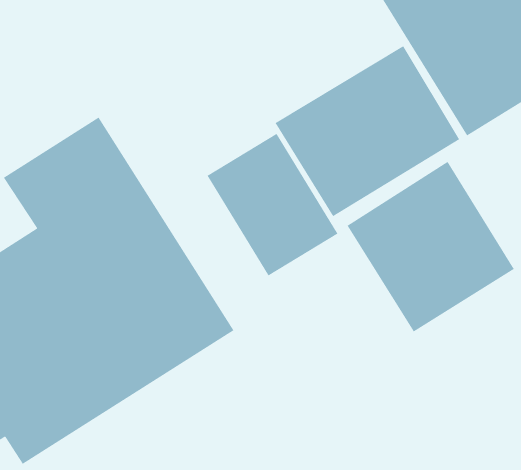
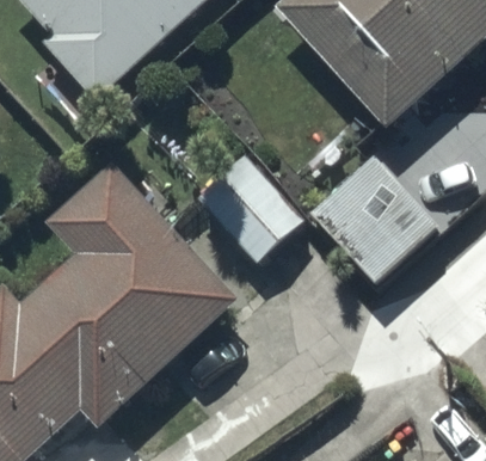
building: [274,45,460,217] -> none

